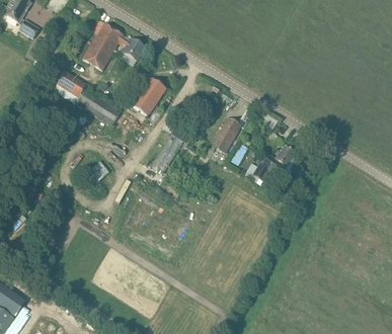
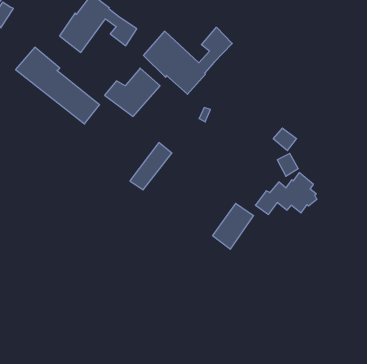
building: none -> [144,27,232,94]
building: [212,116,242,153] -> [213,203,254,249]

